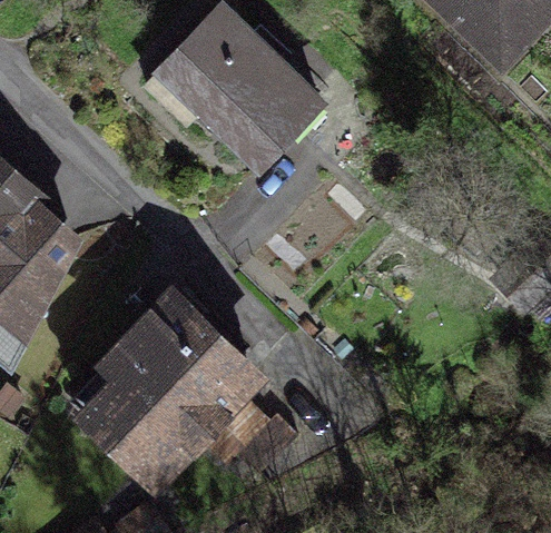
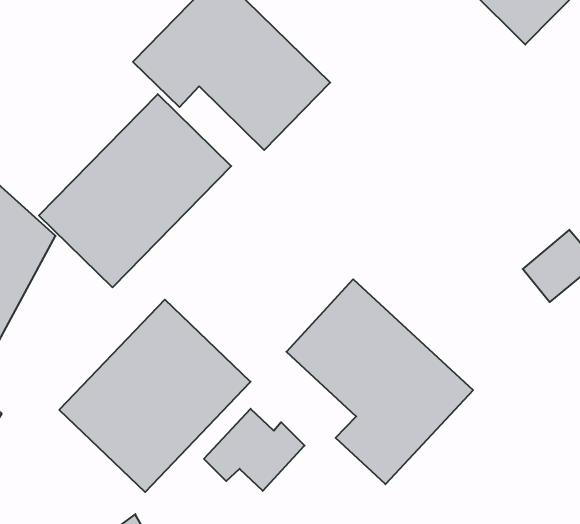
building: none -> [39,94,231,287]
building: none -> [286,279,473,484]

